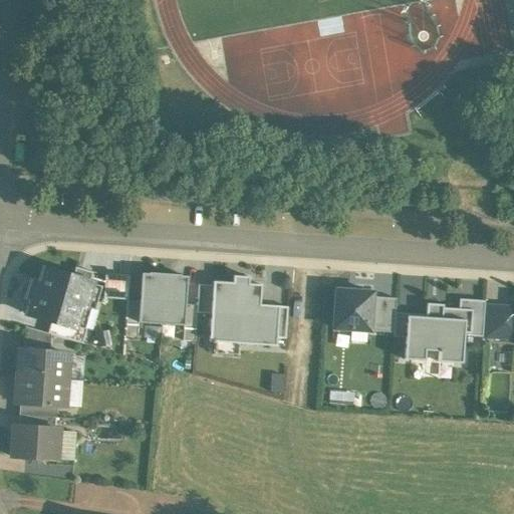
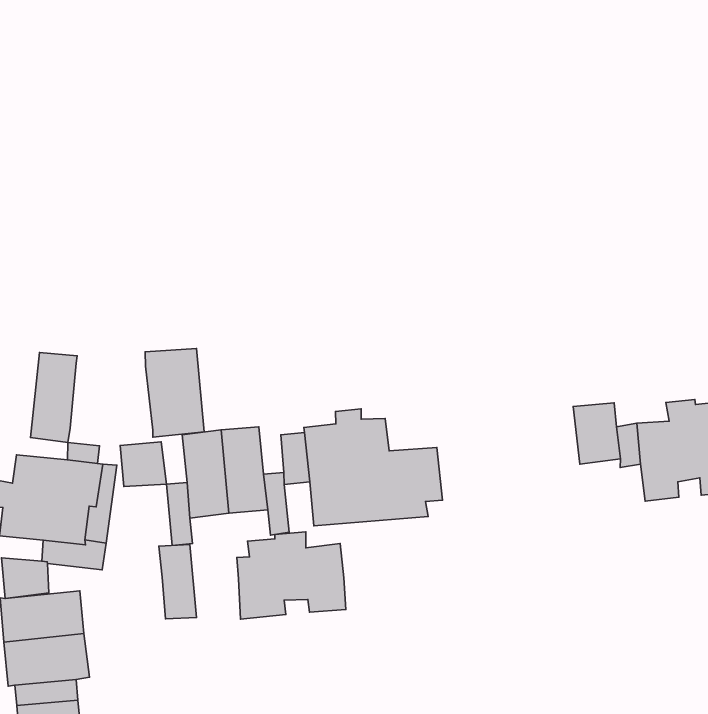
building: none -> [31,353,77,443]
building: none -> [145,348,204,437]
building: [334,289,373,330] -> none
building: none -> [159,545,196,619]
building: none -> [237,532,346,619]

